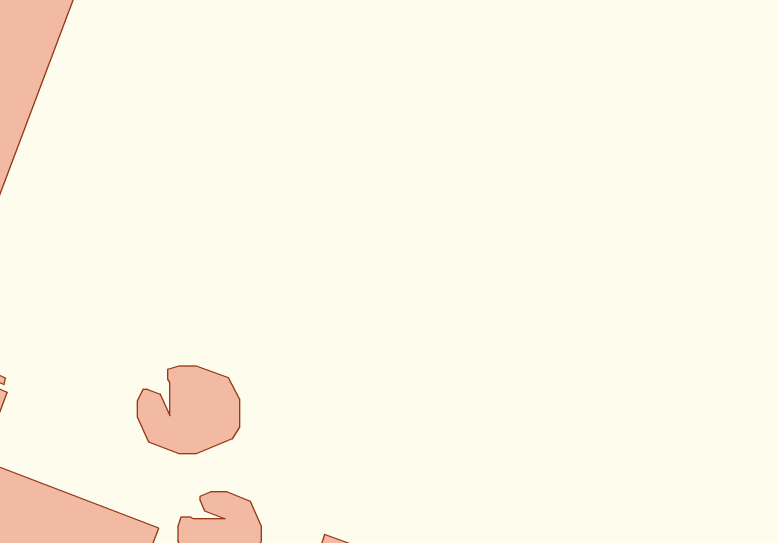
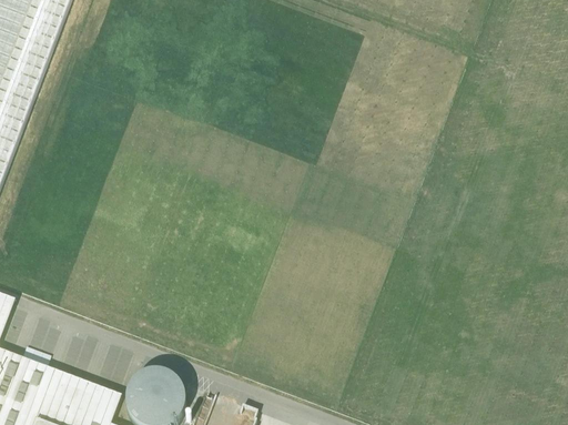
building: [138,366,240,454] -> none

